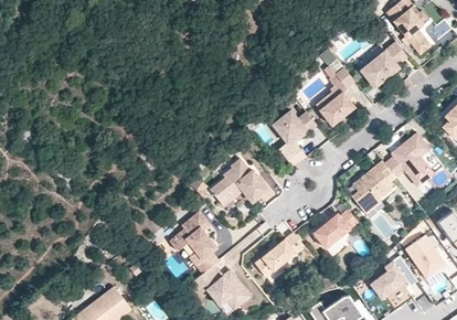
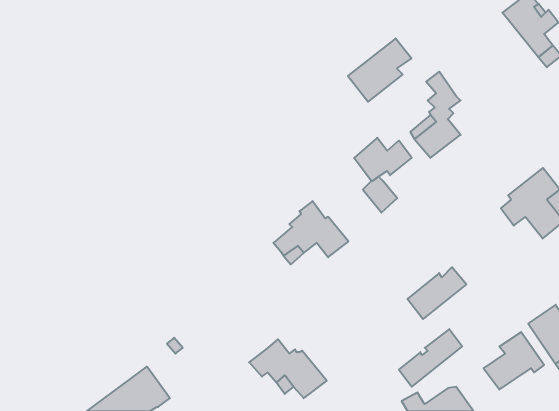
building: [360,44,408,93] -> [348,38,411,102]
building: [352,160,396,213] -> none
building: [170,211,220,270] -> none
building: [255,232,304,276] -> [399,329,462,387]

